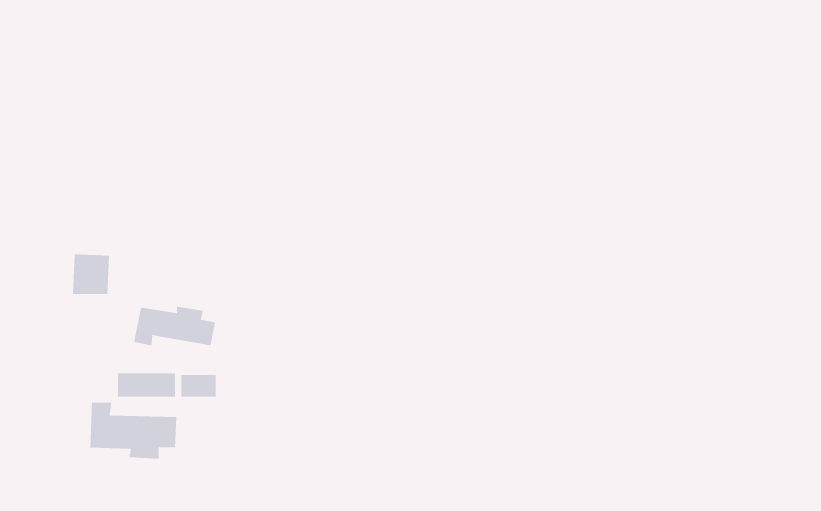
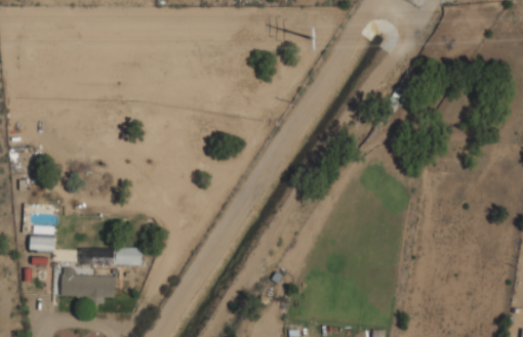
building: [72,254,110,294] -> [30,224,53,250]
building: [133,306,215,346] -> none

